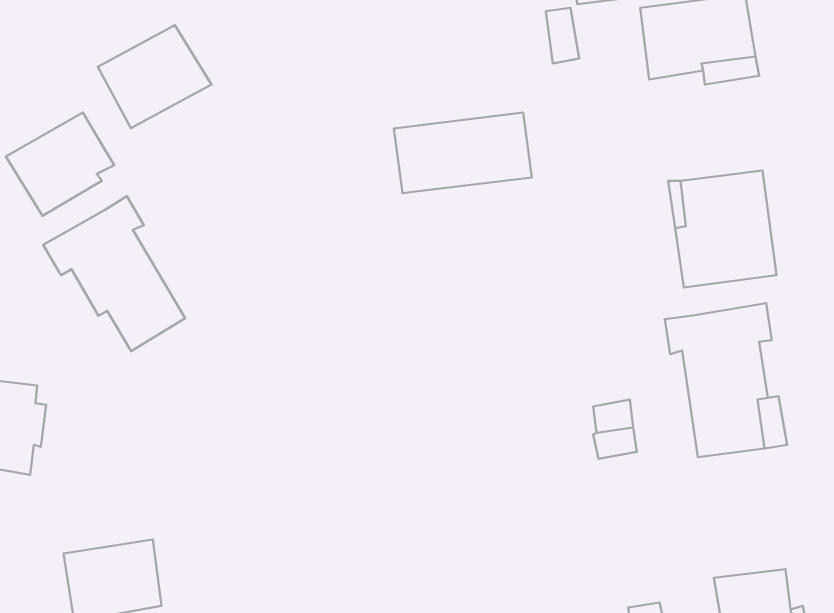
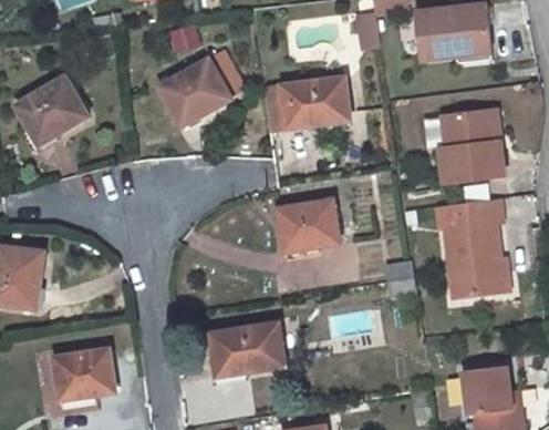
building: [98,25,211,128] -> [158,60,230,125]
building: [43,196,185,351] -> none
building: none -> [278,199,339,249]
building: none -> [210,322,283,375]

